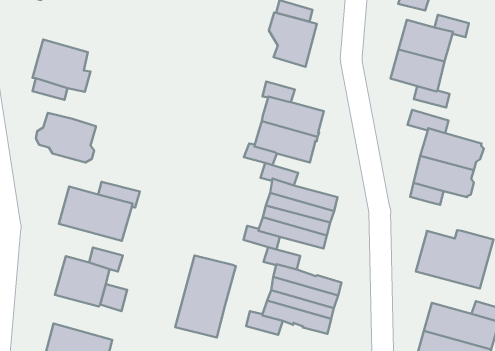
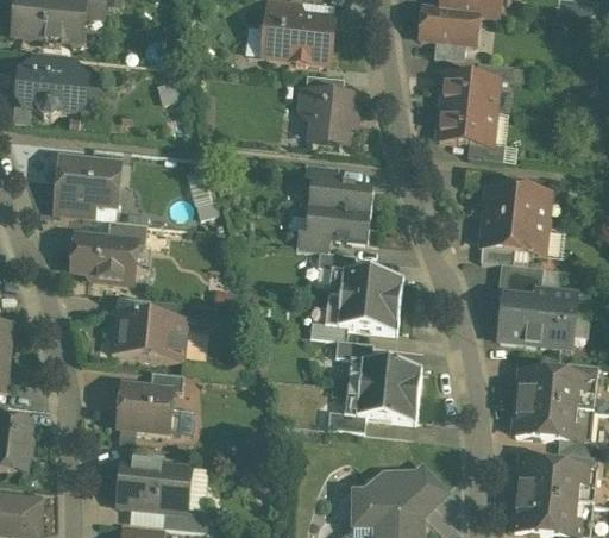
building: none -> [106,221,146,244]
building: none -> [497,264,542,299]
building: [175,255,236,338] -> none

